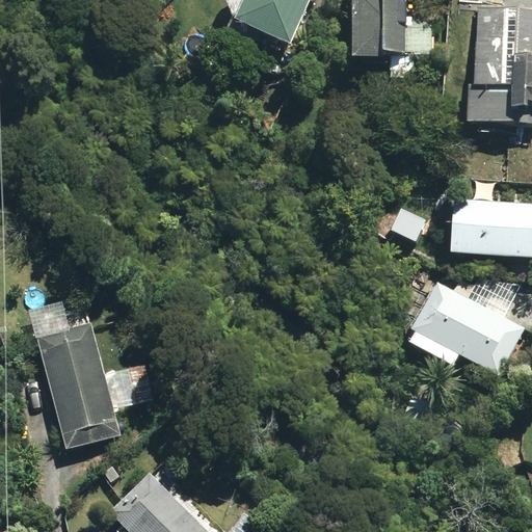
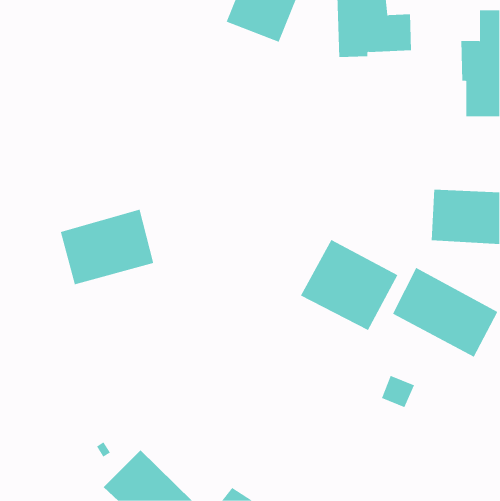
building: none -> [60,209,154,285]
building: none -> [300,239,398,331]
building: [35,321,151,450] -> none

